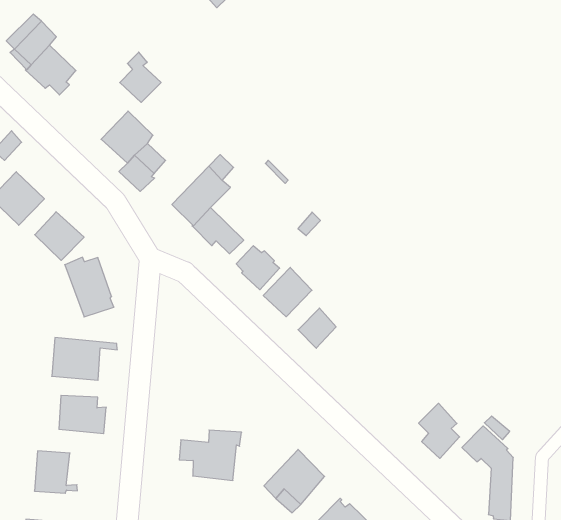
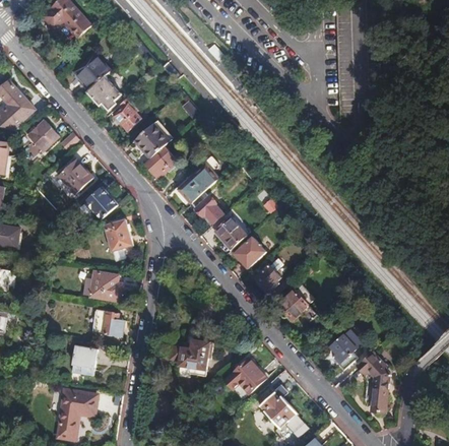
building: [120,52,161,102] -> [114,97,141,130]
building: none -> [279,290,315,320]

